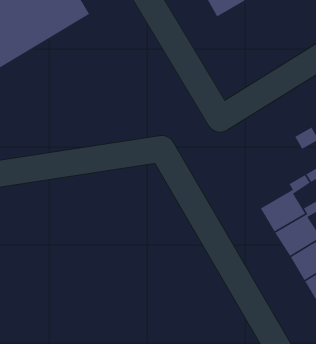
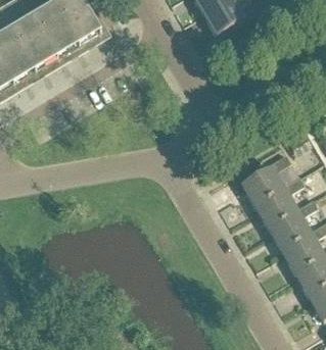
building: none -> [243,155,291,209]

